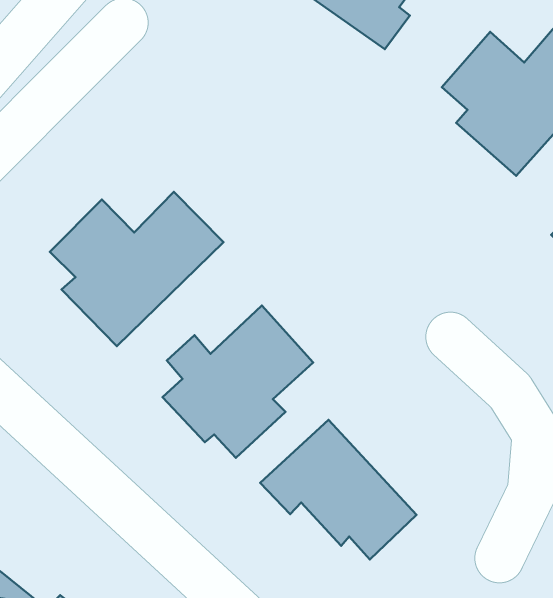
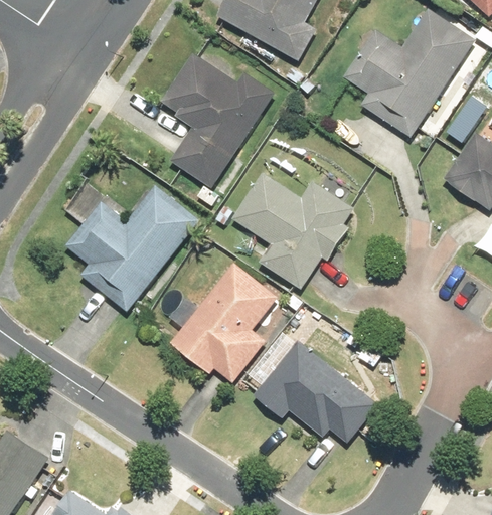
building: none -> [161,53,274,187]
building: none -> [232,174,351,288]

